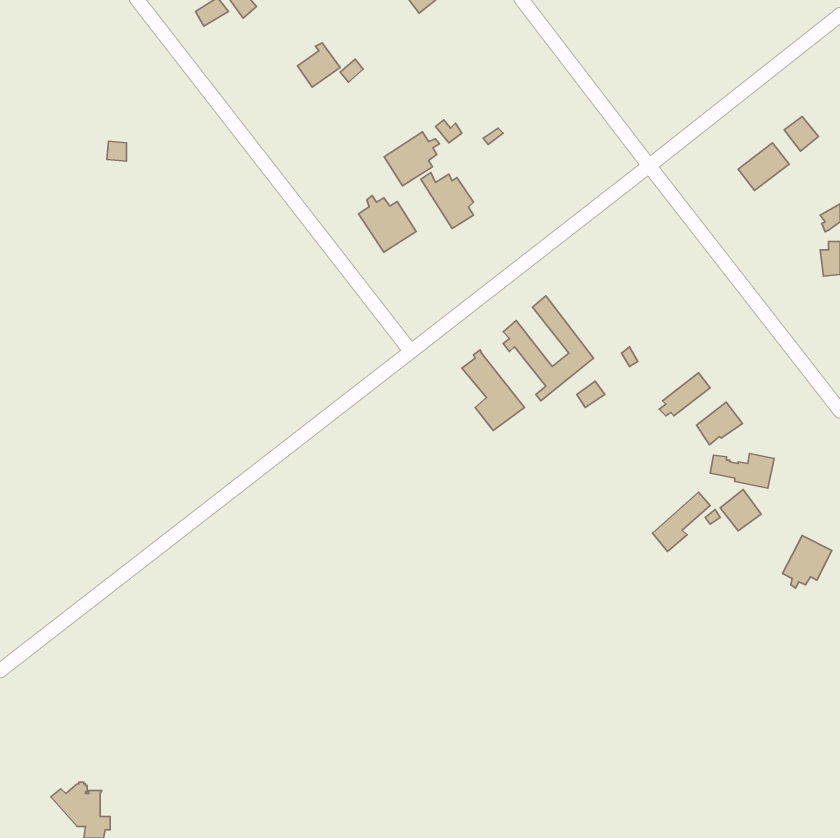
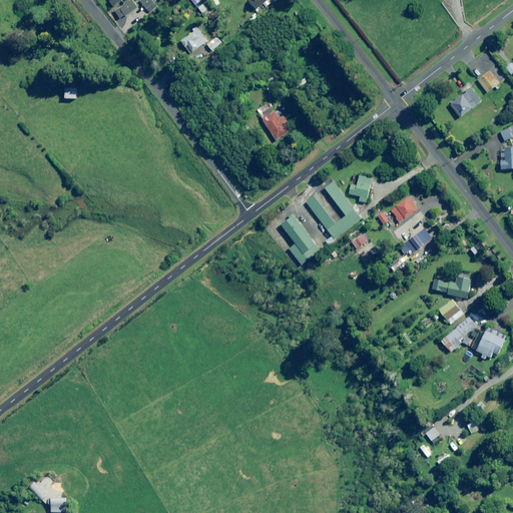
building: [384,132,439,186] -> none
building: [358,196,416,252] -> none
building: none -> [349,174,373,202]
building: [696,402,742,445] -> [392,195,420,221]
building: [653,492,710,551] -> [442,316,477,352]

